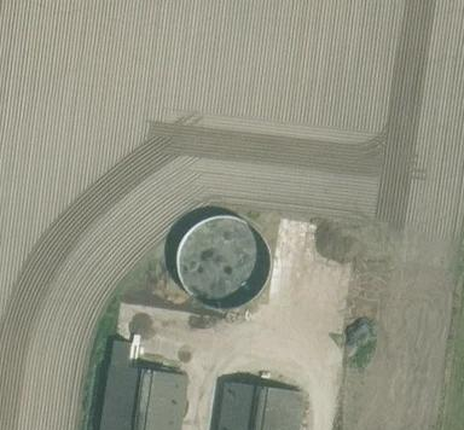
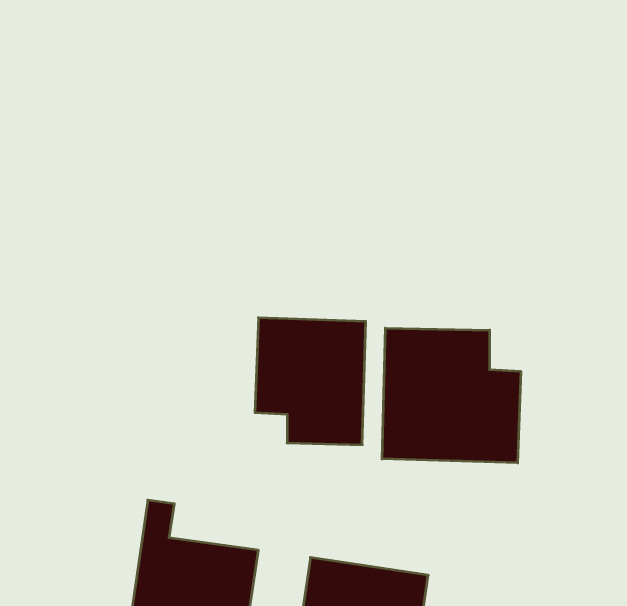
building: none -> [382,328,521,463]

